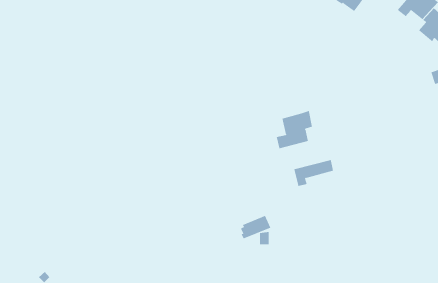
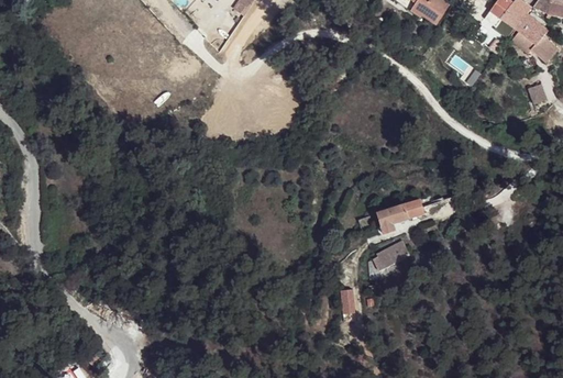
building: [276,110,313,149] -> none
building: [240,215,271,239] -> [375,241,411,270]

